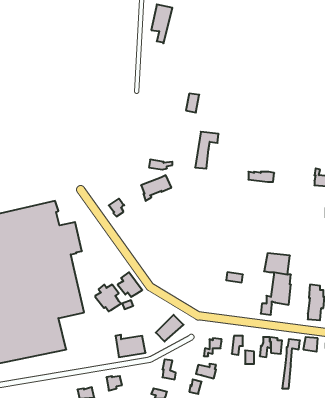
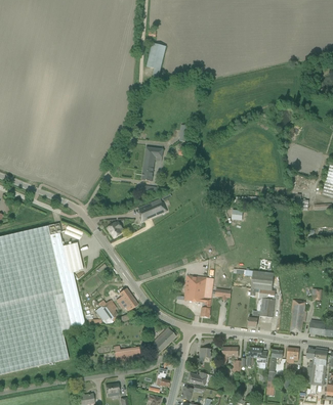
building: [195,132,219,169] -> [141,146,163,180]
building: none -> [184,274,213,316]

